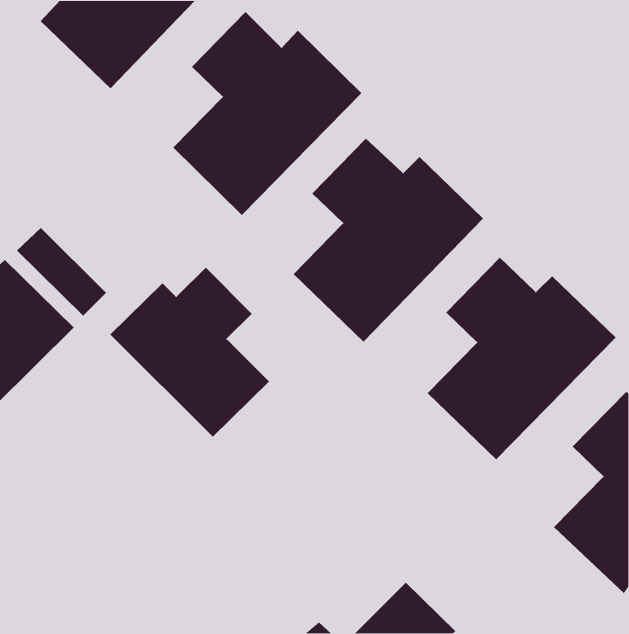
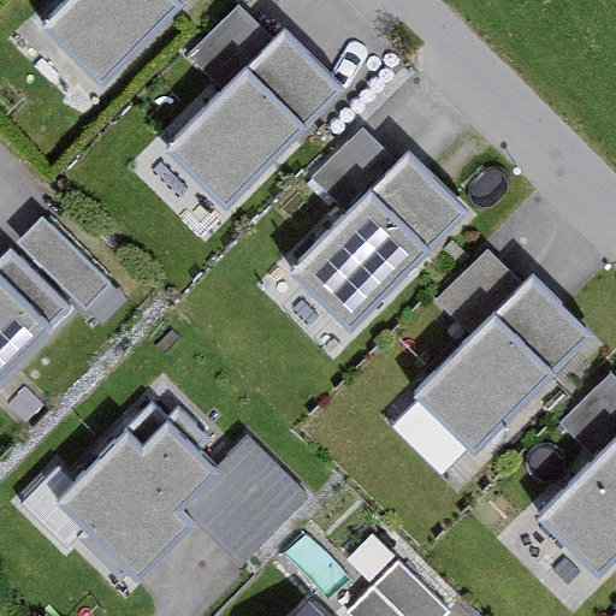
building: [109,267,270,438] -> none
building: none -> [59,405,302,580]

